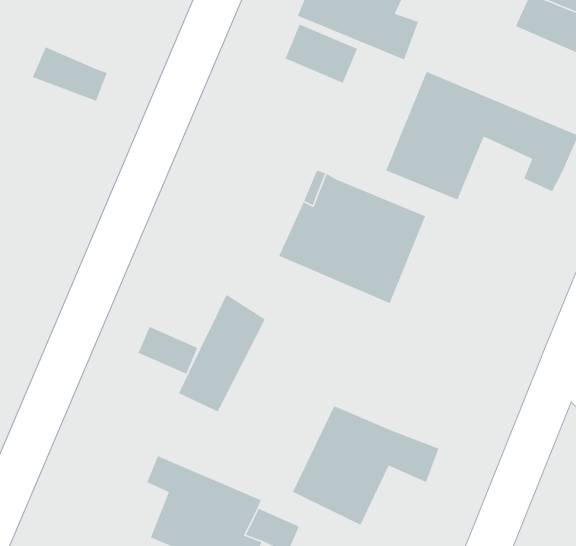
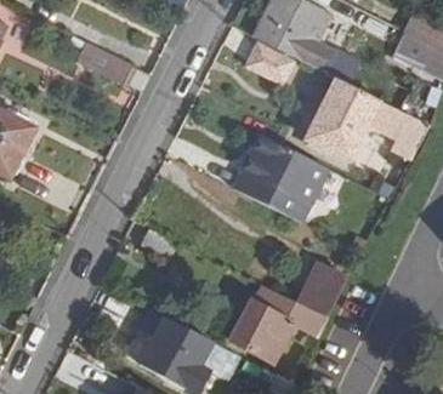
building: [178,294,266,413] -> none
building: none -> [299,264,346,316]

